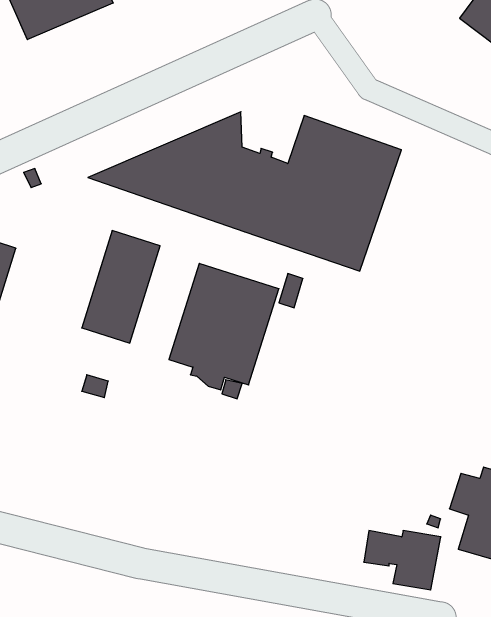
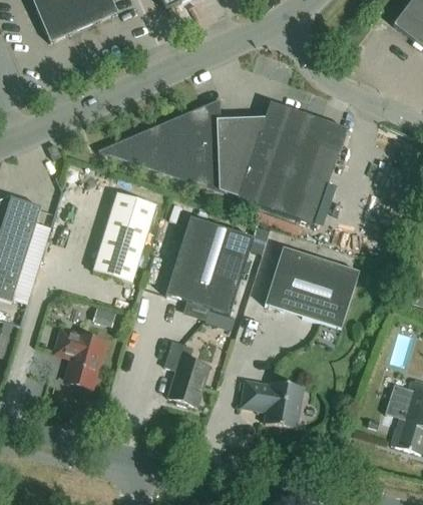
building: none -> [266,245,360,328]
building: none -> [57,329,104,386]
building: none -> [165,340,210,405]
building: [364,531,441,590] -> [243,380,304,427]

